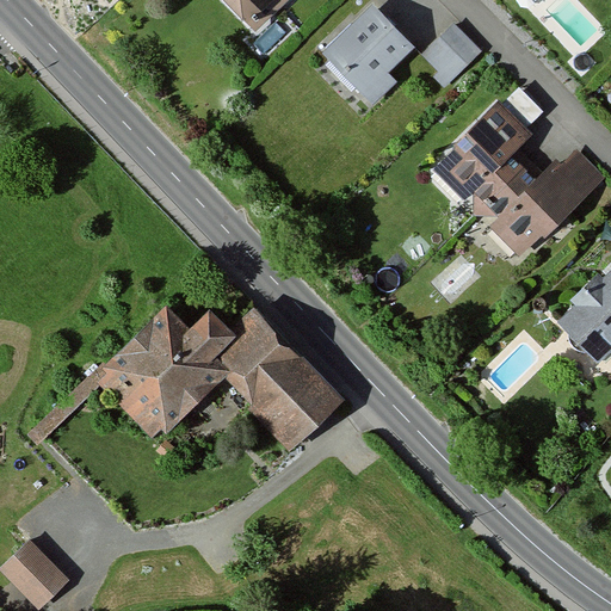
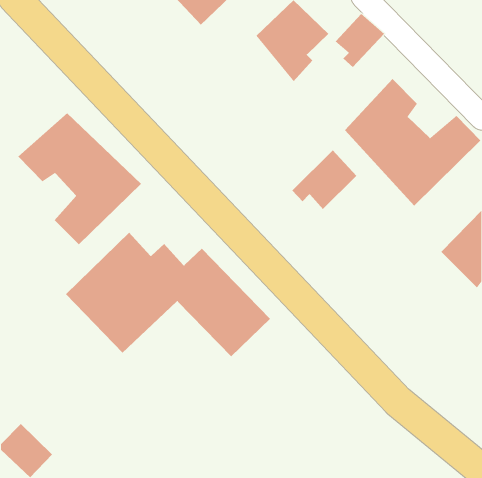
building: none -> [18,113,142,245]
building: none -> [292,149,357,210]

